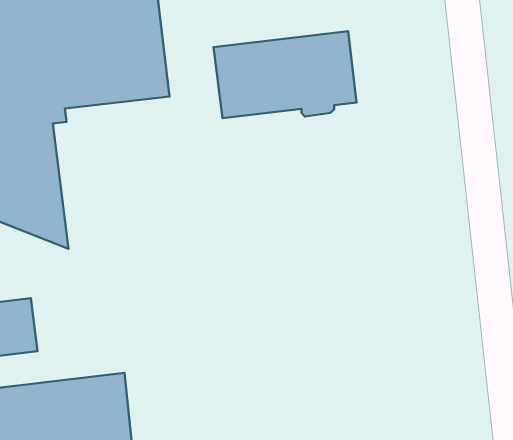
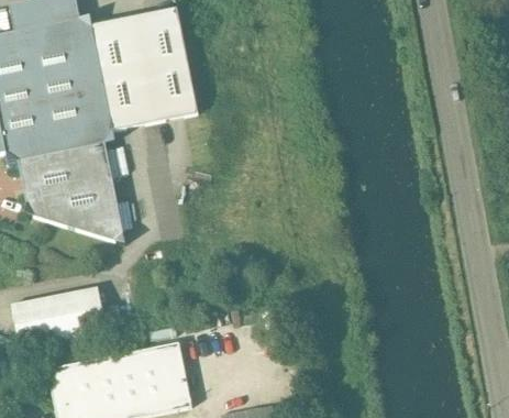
building: [213,31,357,118] -> none

